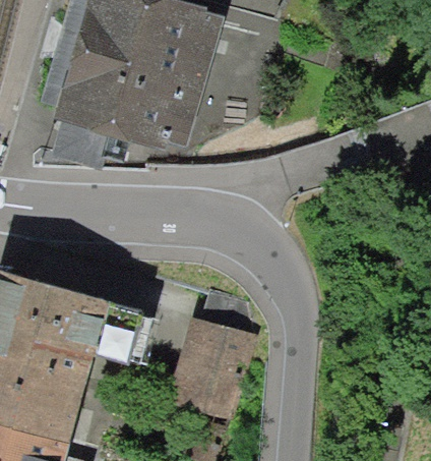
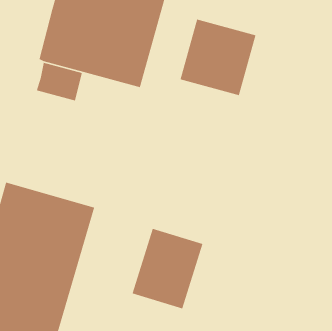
building: none -> [179,18,257,96]

